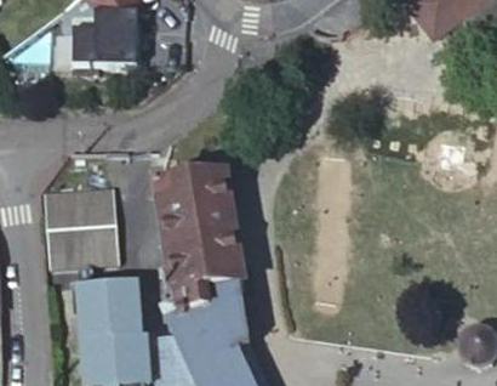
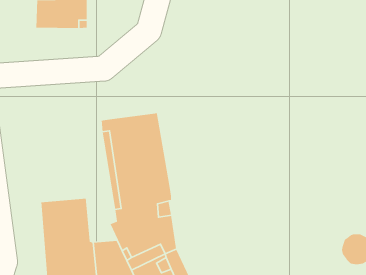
building: [44,185,119,266] -> none

